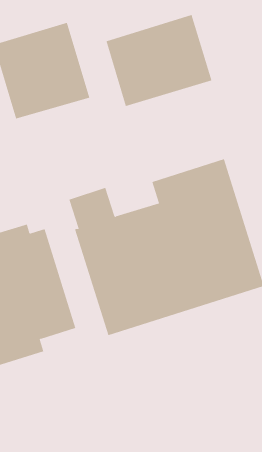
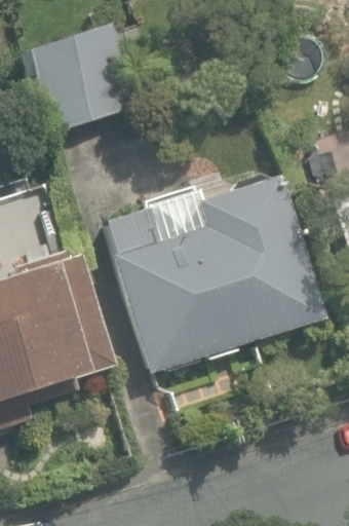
building: [106,14,212,107] -> none

